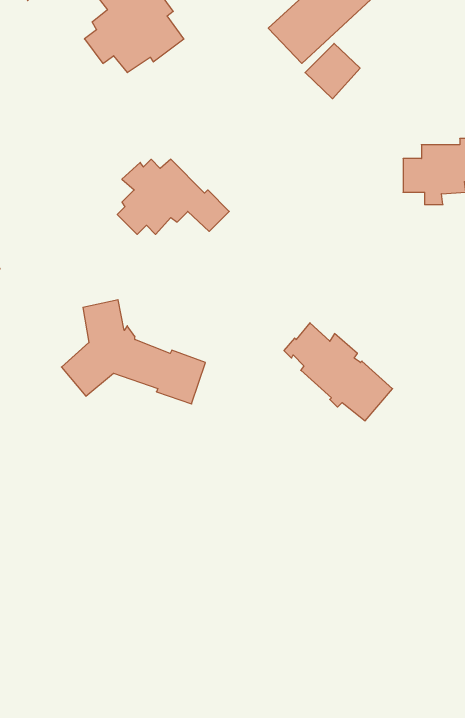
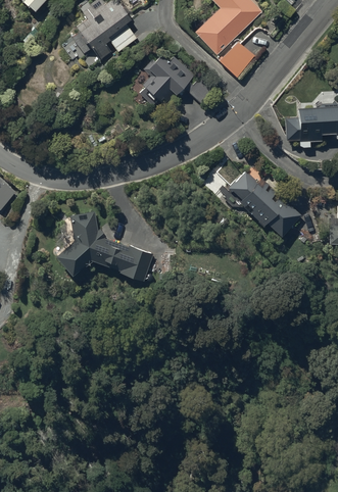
building: [117,159,229,234] -> [139,55,213,105]
building: [284,323,393,421] -> [228,170,300,236]

